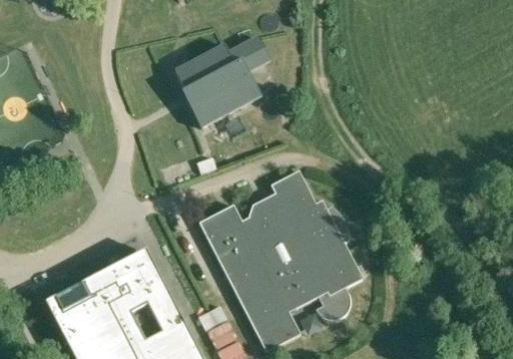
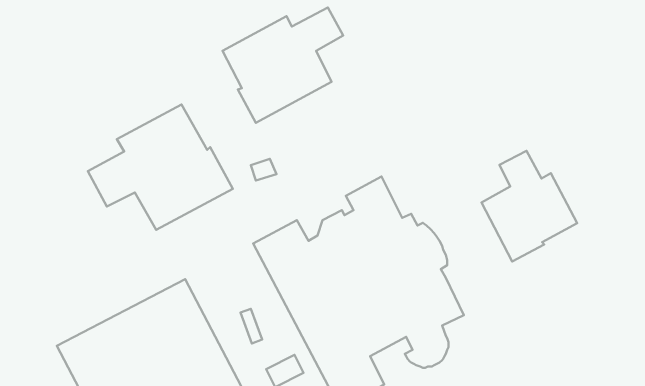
building: none -> [88,104,233,230]
building: none -> [481,151,577,261]

